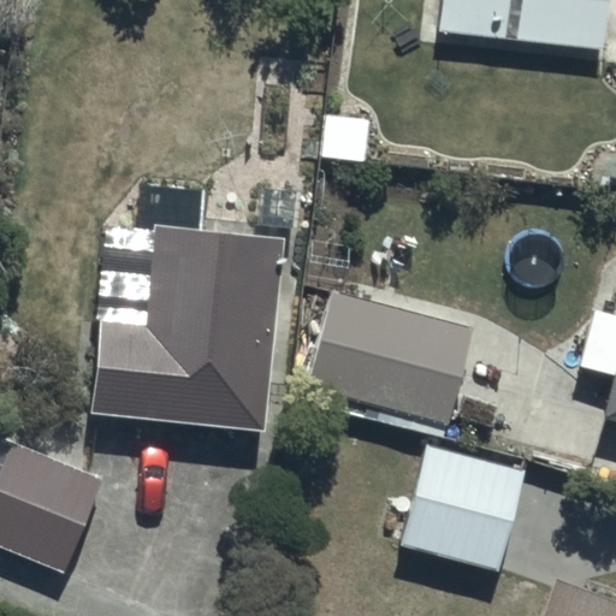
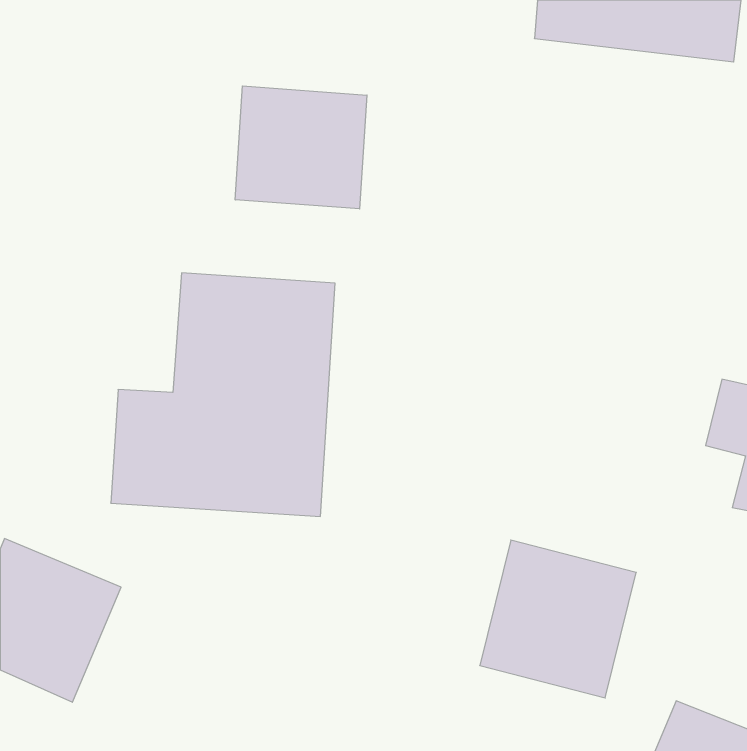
building: none -> [235,86,367,209]
building: [309,289,473,426] -> none

